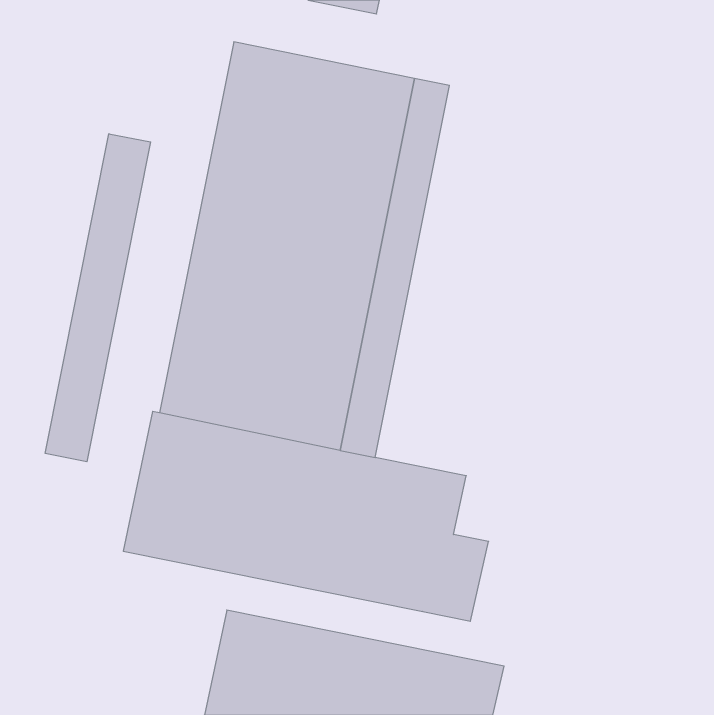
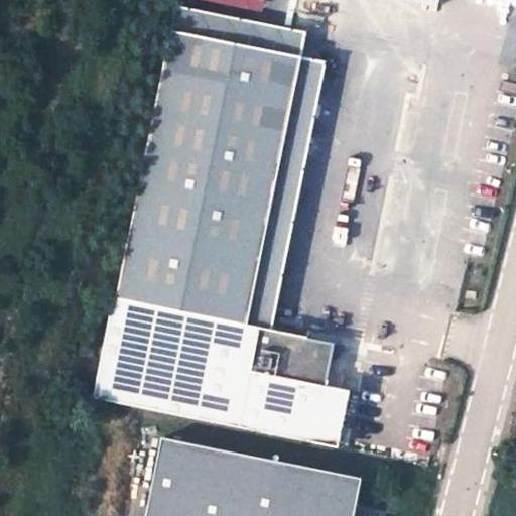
building: none -> [169,5,303,56]
building: [45,134,151,462] -> none

